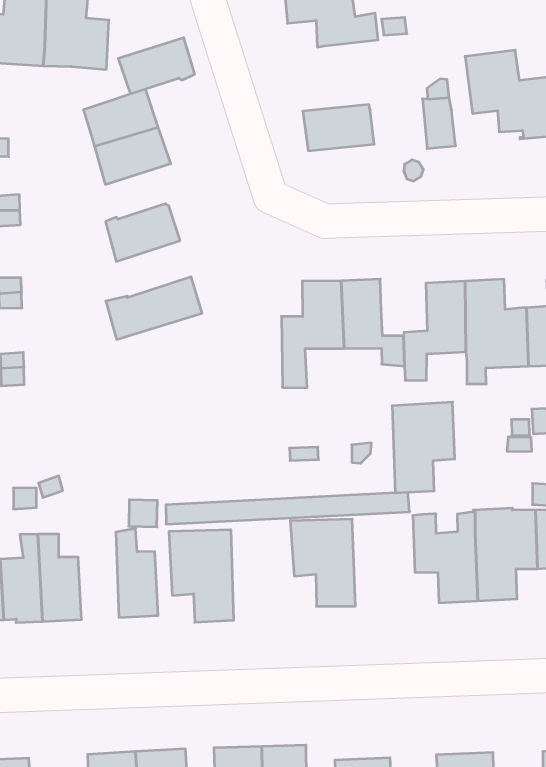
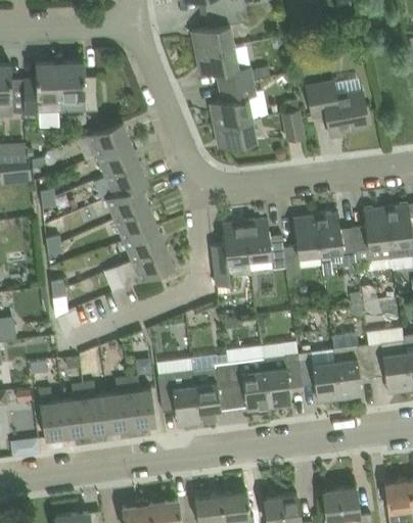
building: [118,38,195,93] -> [103,163,148,198]
building: none -> [210,82,258,127]
building: none -> [113,207,157,243]
building: none -> [118,248,174,288]
building: [392,402,455,493] -> [263,354,302,410]
building: none -> [193,364,232,424]
building: none -> [106,379,133,431]

